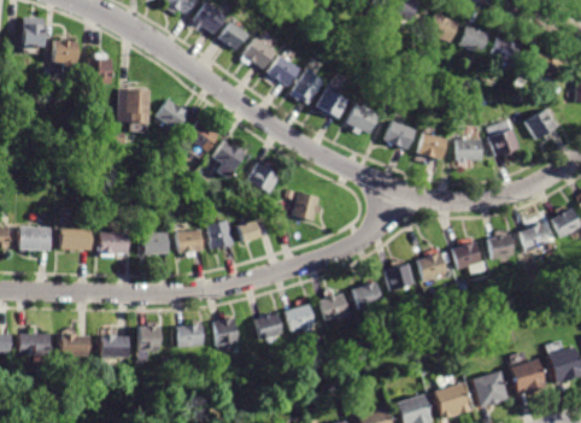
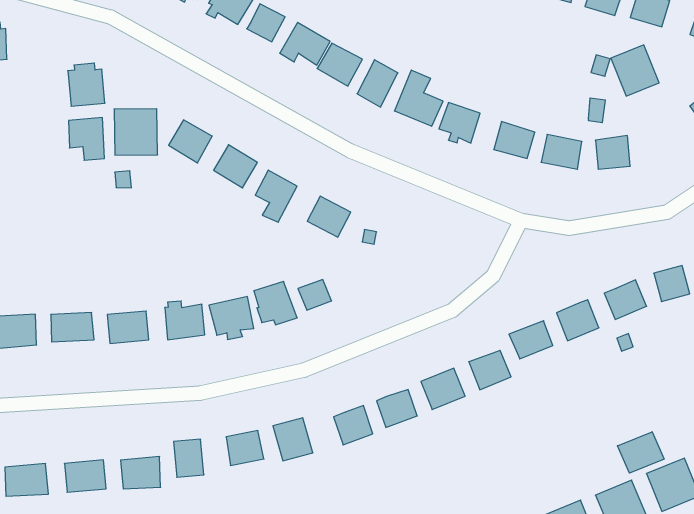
building: [53,42,78,71] -> [69,118,104,160]
building: [487,121,520,155] -> [611,45,659,96]
building: [293,192,319,221] -> none
building: none -> [617,432,664,473]

